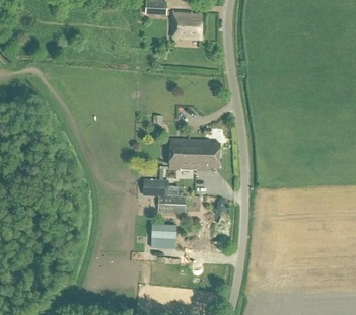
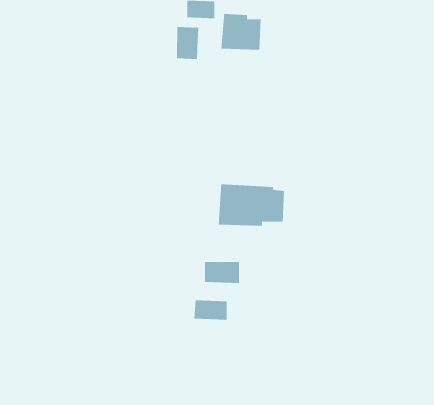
building: none -> [177,26,199,60]
building: [144,179,169,195] -> none

